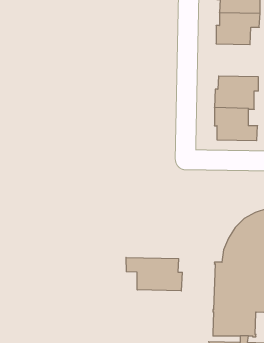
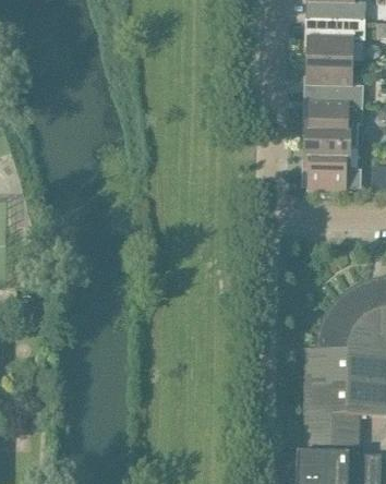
building: none -> [305,60,362,104]
building: [126,257,182,291] -> none

